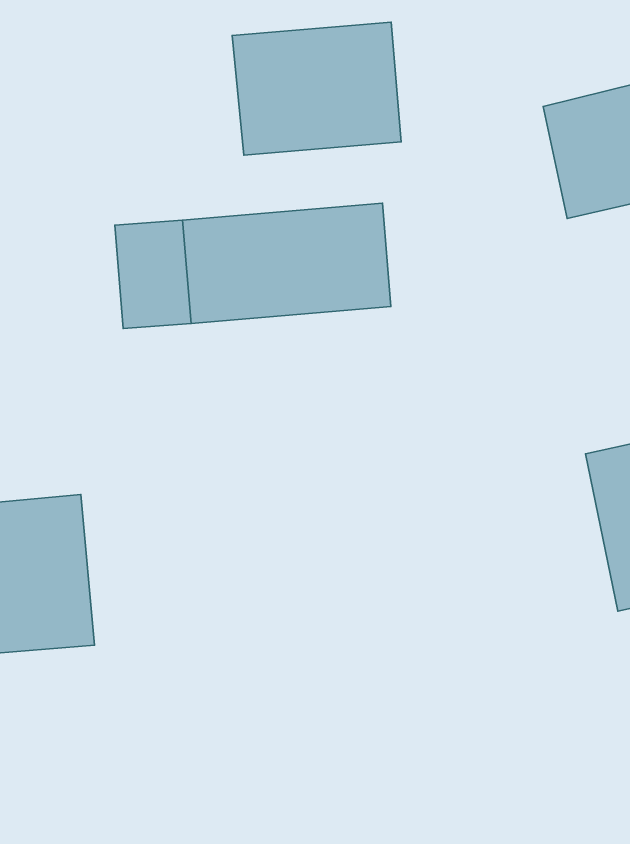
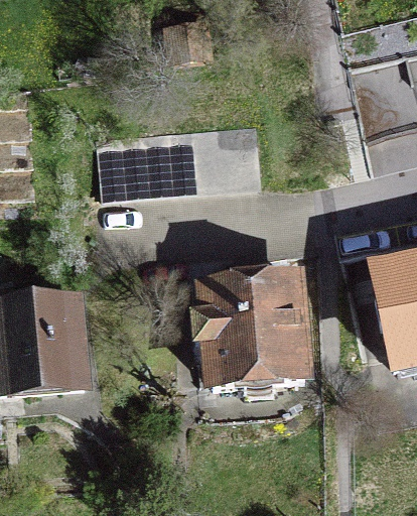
building: [232,22,401,155] -> none
building: none -> [174,262,305,389]

